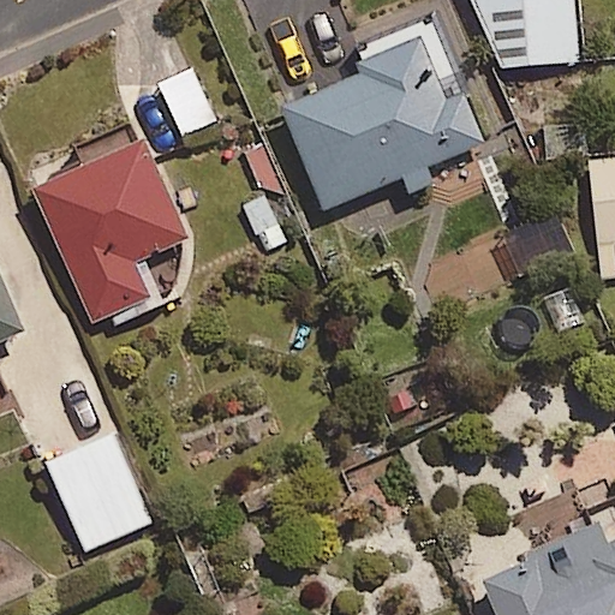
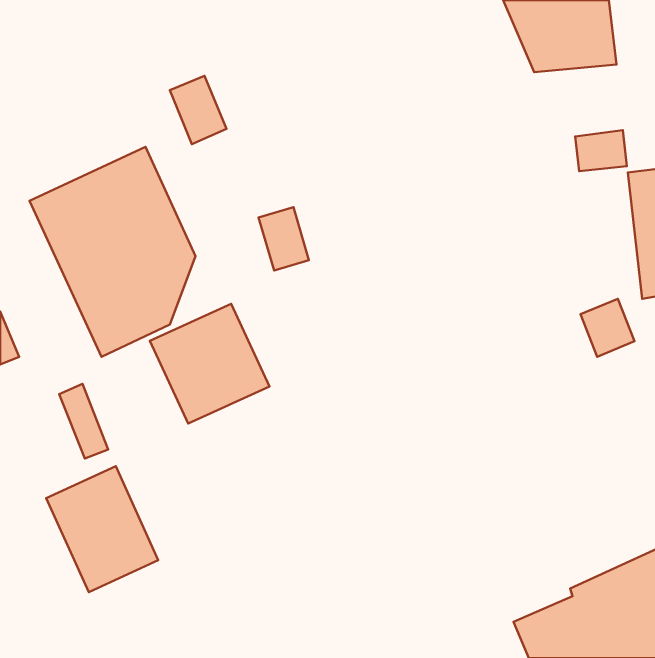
building: [279,23,484,209] -> none
building: none -> [150,304,269,424]

